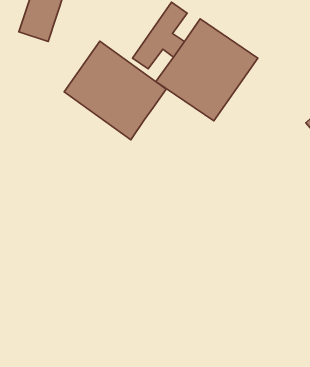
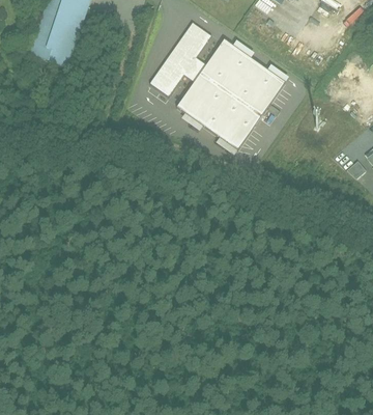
building: [64,41,166,140] -> none

